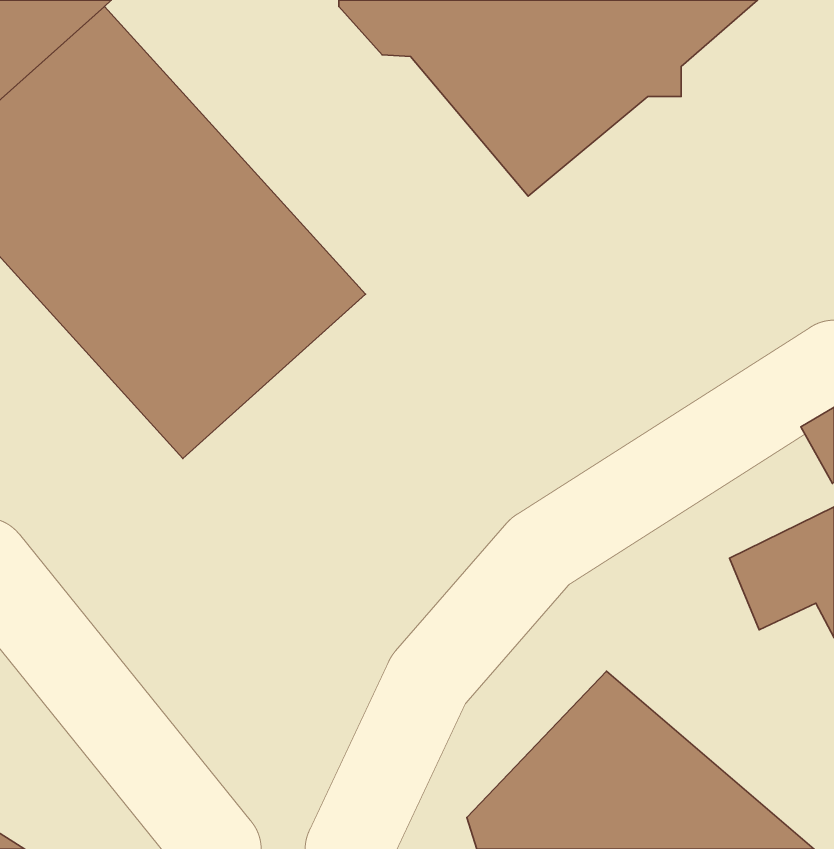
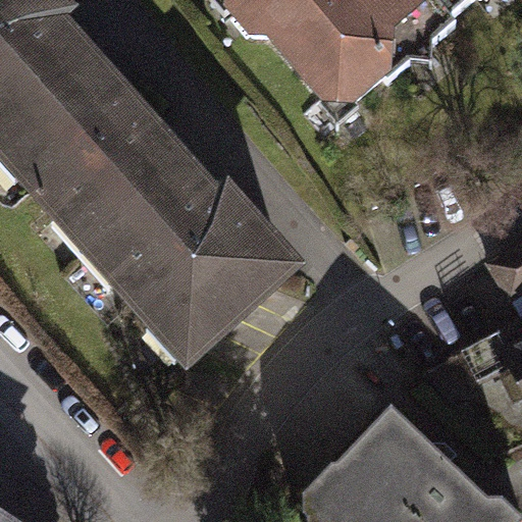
building: none -> [112,175,305,365]

